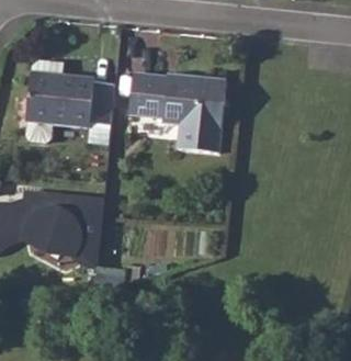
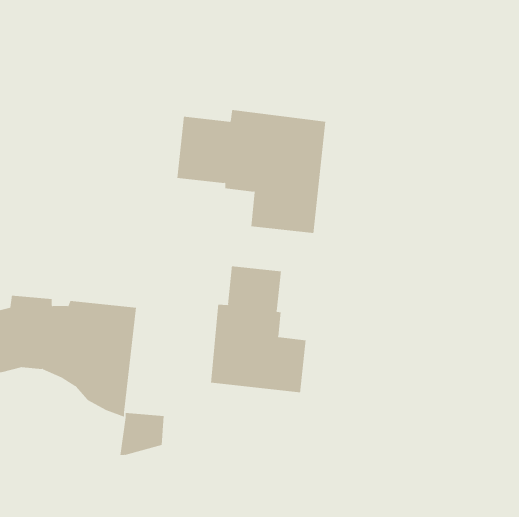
building: [26,58,116,143] -> none
building: none -> [211,266,306,393]

